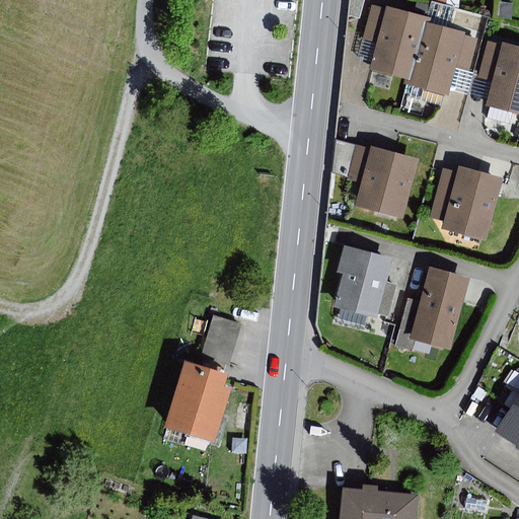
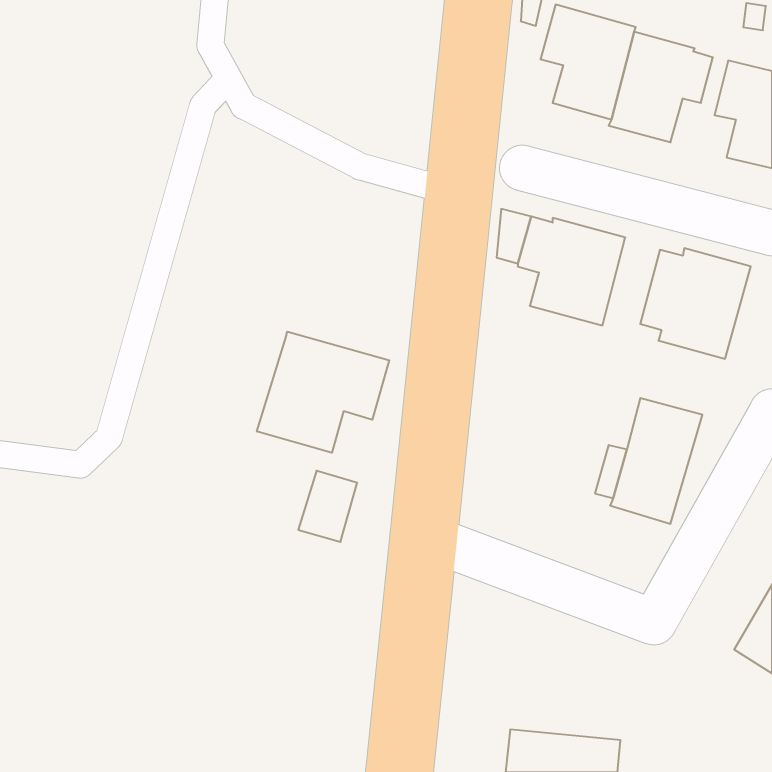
building: none -> [257,332,389,453]
building: [333,246,396,318] -> none
building: [164,361,232,443] -> none

